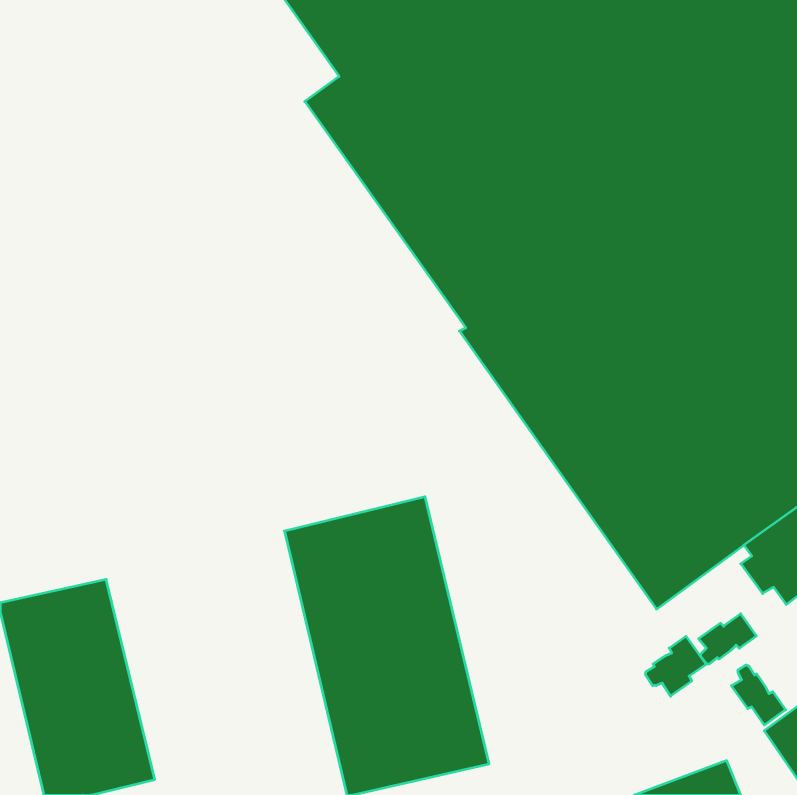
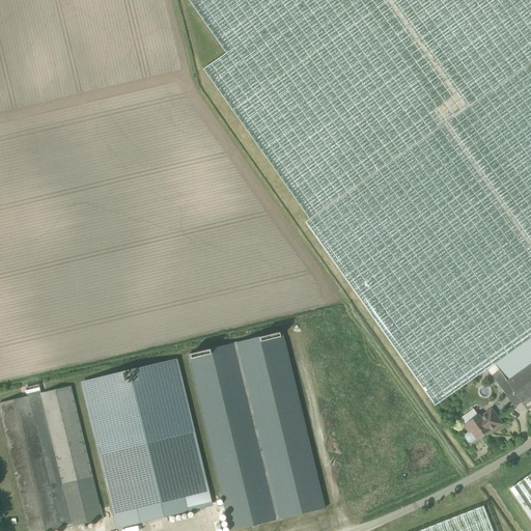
building: none -> [83,359,213,524]
building: [646,636,706,696] -> none
building: [731,665,786,725] -> none

